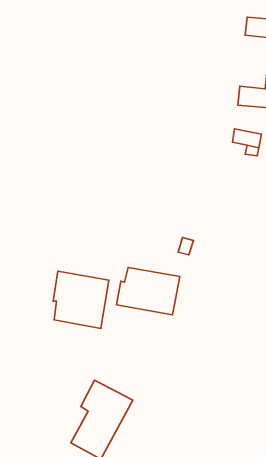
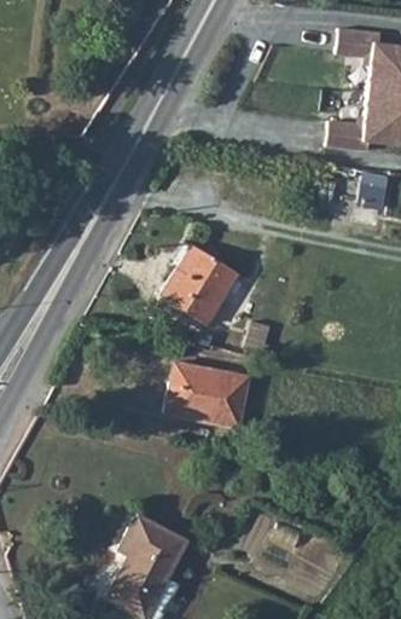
building: none -> [161,243,239,323]
building: [53,271,109,328] -> none

